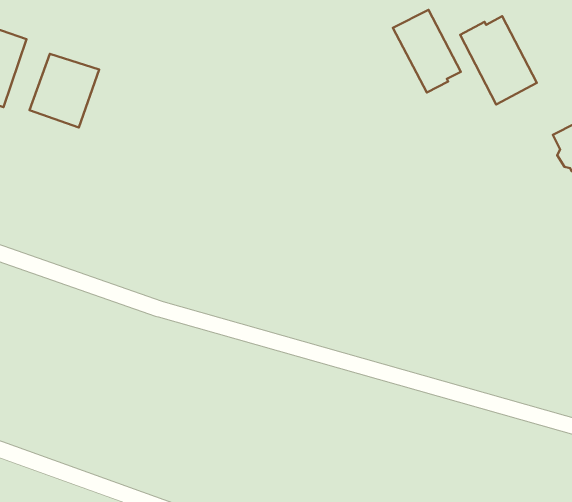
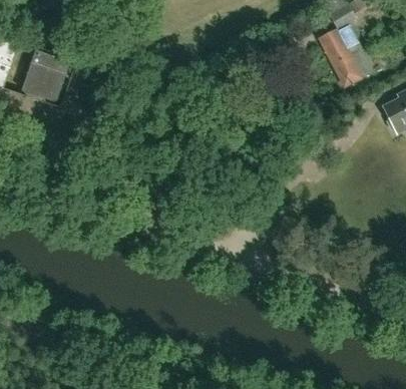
building: [393,10,461,92] -> none

